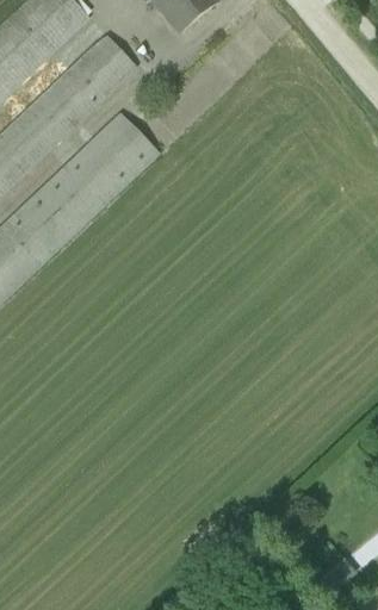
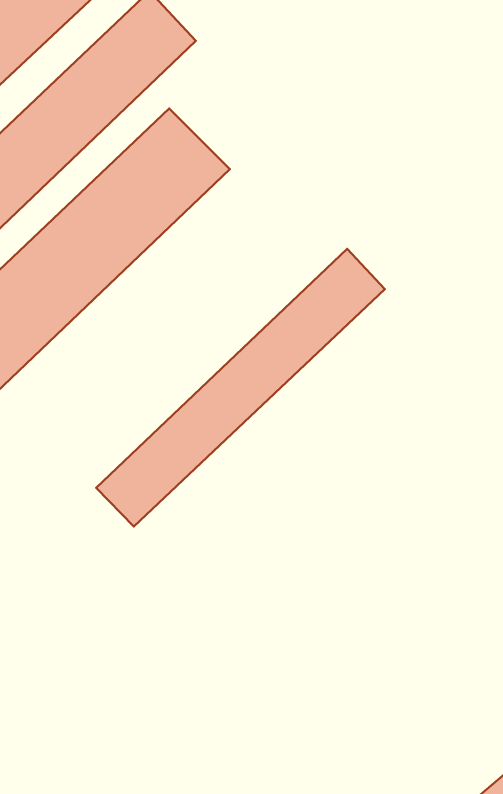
building: none -> [96,249,385,526]

